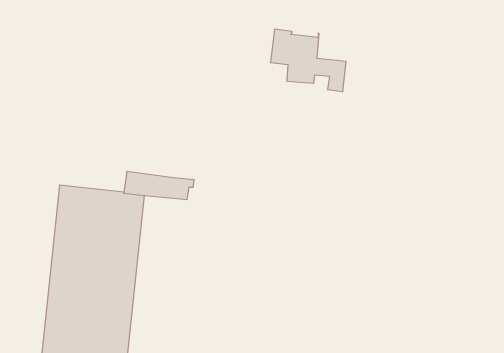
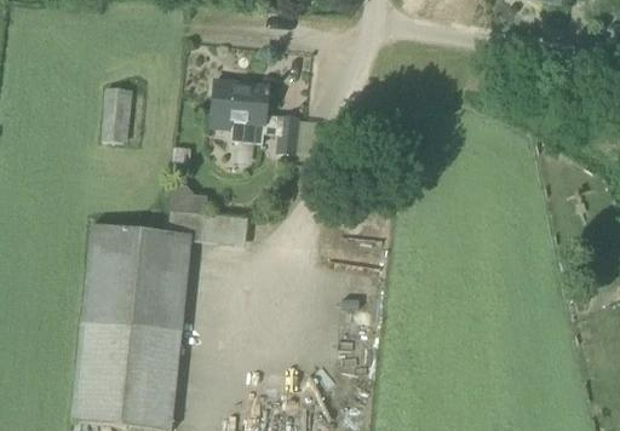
building: [270,29,346,92] -> [211,79,299,151]
building: none -> [102,87,133,143]

